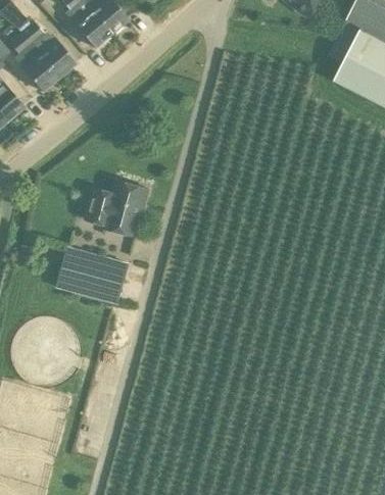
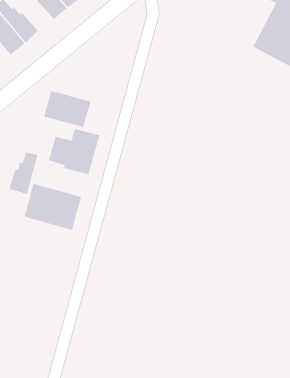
building: none -> [44,90,91,128]
building: none -> [9,152,38,195]

